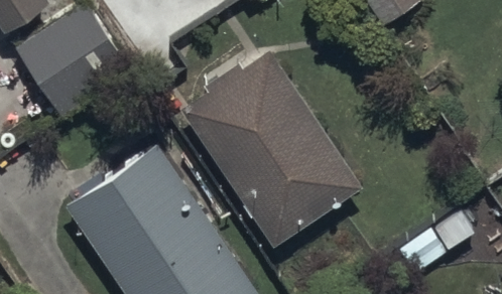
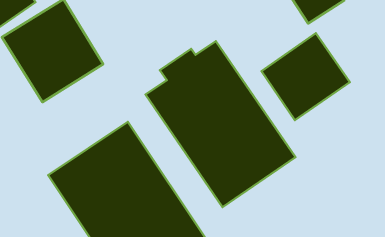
building: none -> [261,33,350,120]

